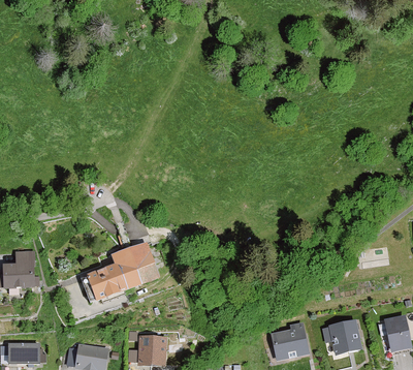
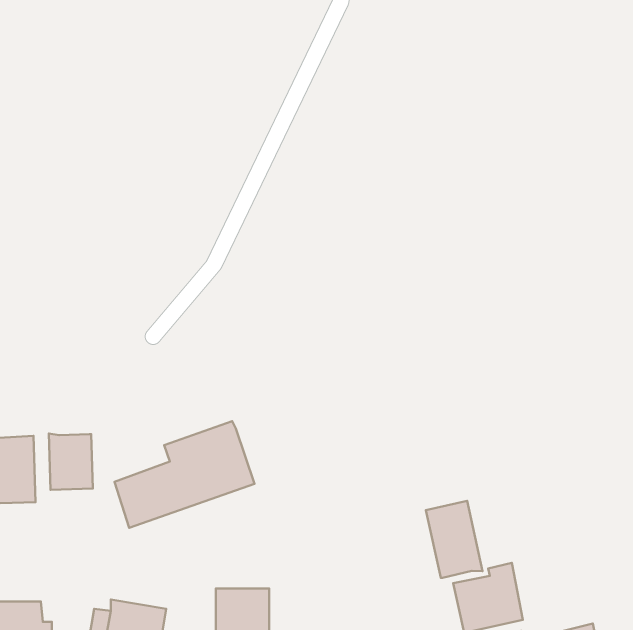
building: none -> [49,434,93,490]
building: none -> [426,501,482,578]
building: [323,318,362,353] -> none

